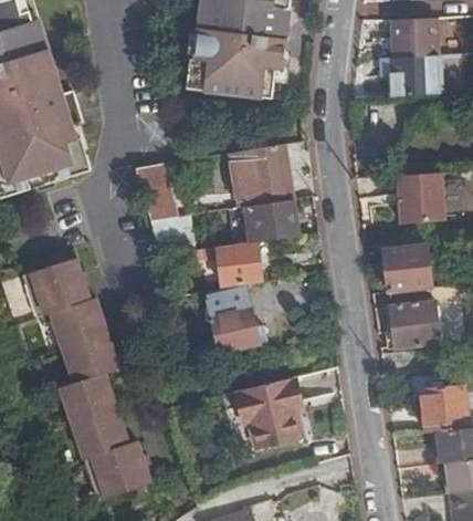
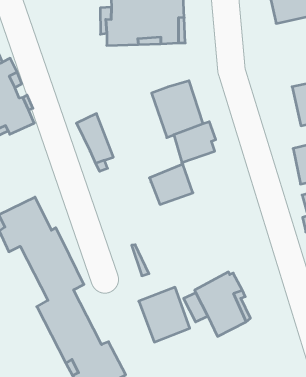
building: [202,294,257,355] -> [139,287,190,342]

